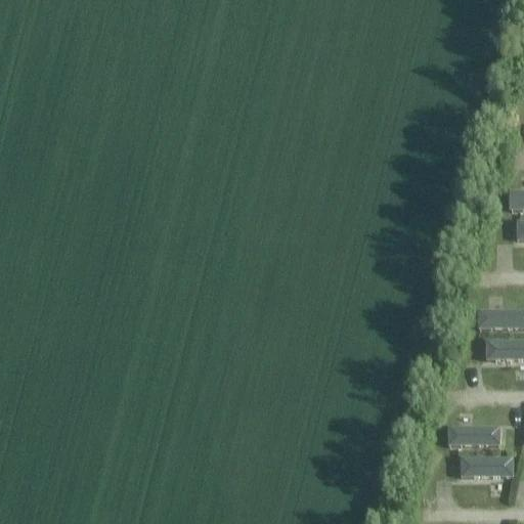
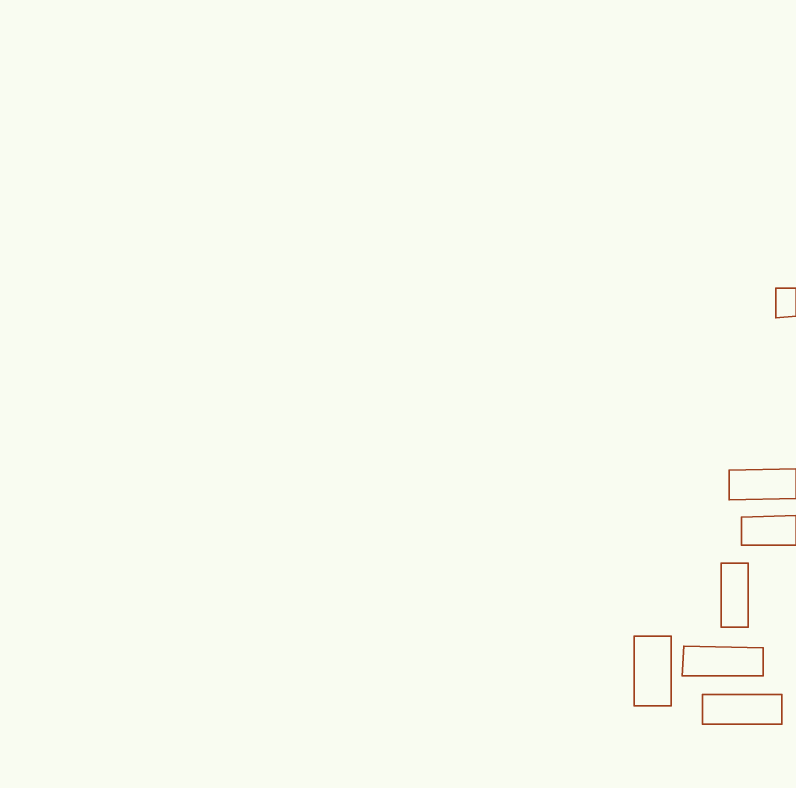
building: none -> [721,563,748,627]
building: none -> [634,636,671,706]

